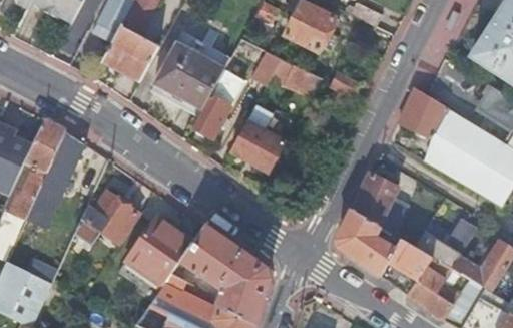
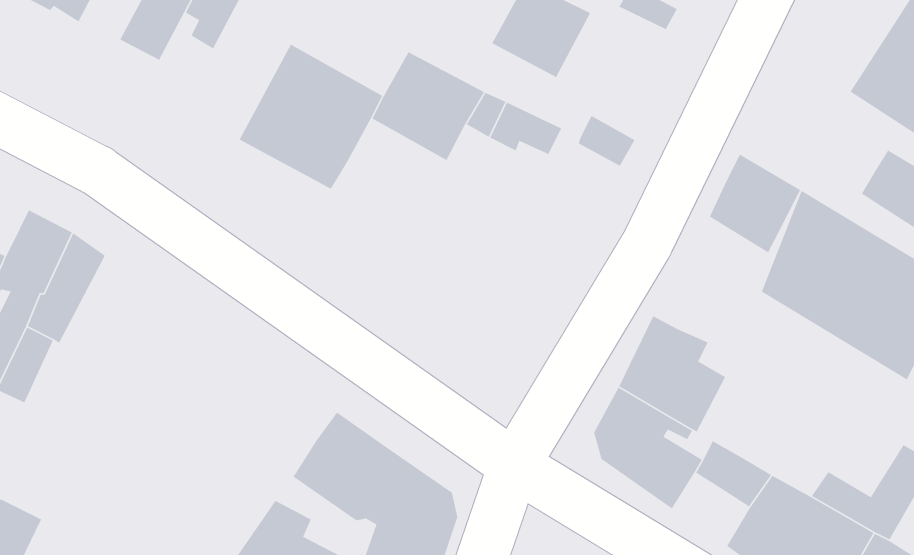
building: [102,17,158,81] -> none
building: [191,94,229,138] -> none
building: [230,101,285,171] -> none
building: [74,191,140,245] -> none
building: [127,215,193,281] -> none
building: [421,219,477,269] -> none

